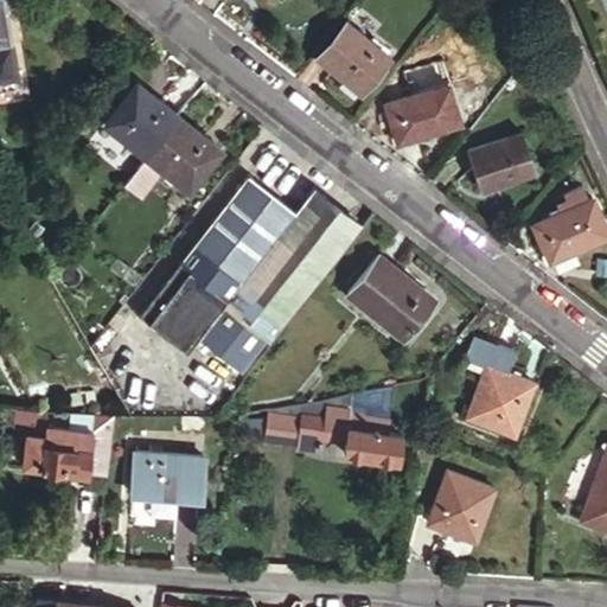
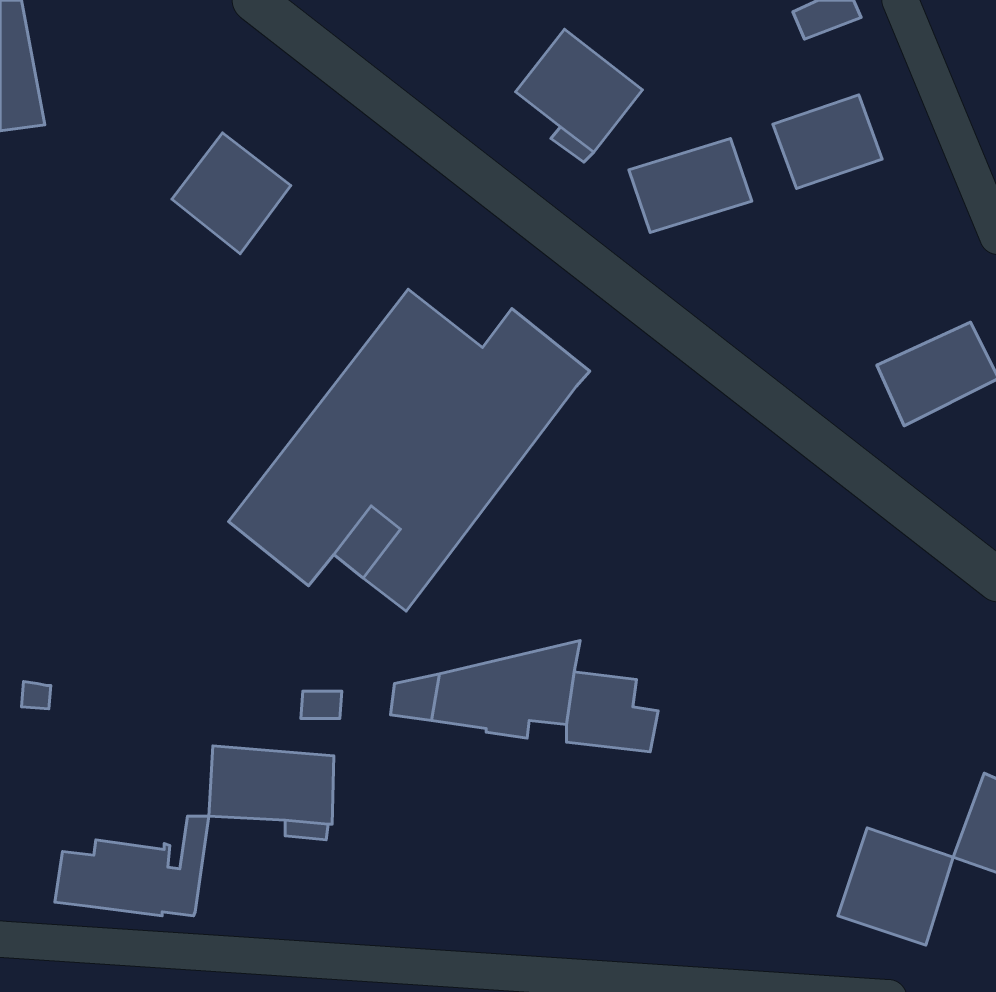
building: [147,116,219,189] -> none
building: [467,135,533,192] -> [773,95,882,189]
building: [345,257,433,340] -> none
building: [464,340,532,436] -> none
building: [24,421,117,481] -> [55,816,209,916]
building: [426,478,496,549] -> [838,828,953,945]

